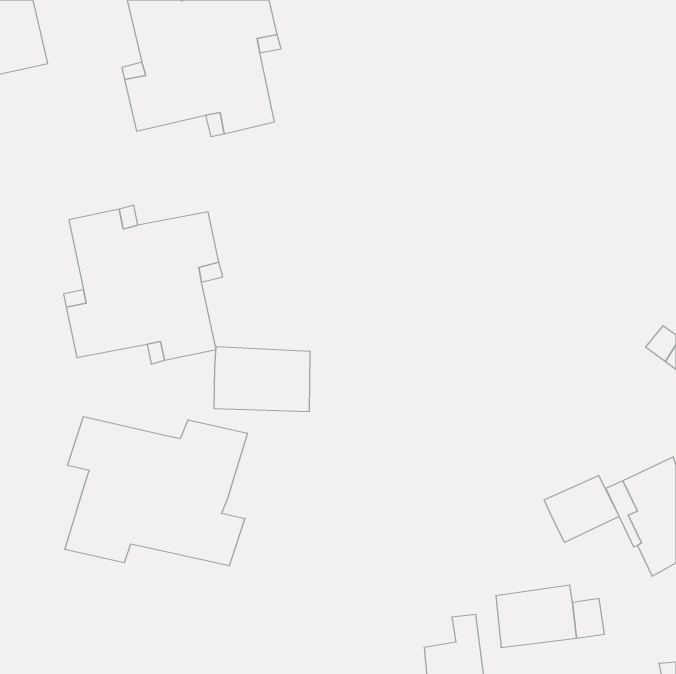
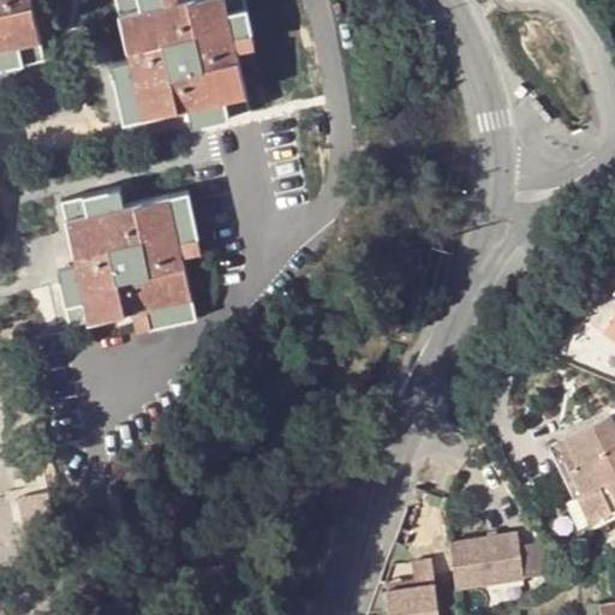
building: [214,347,310,412] -> none
building: [65,417,248,566] -> none
building: [544,475,619,542] -> none

